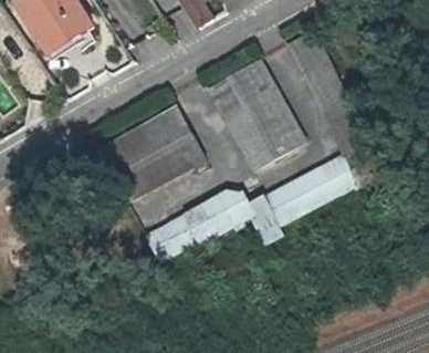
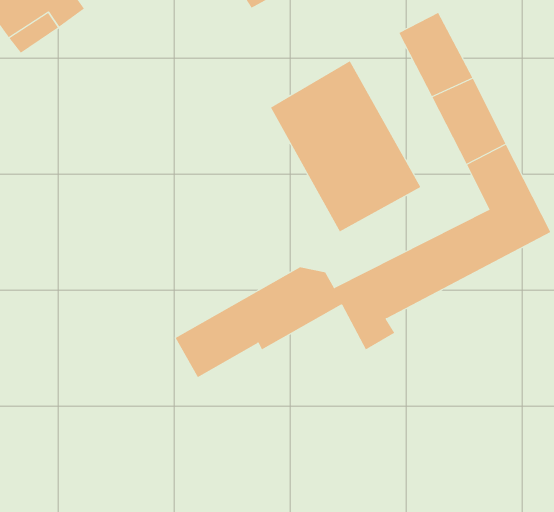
building: [100,106,206,200] -> none

